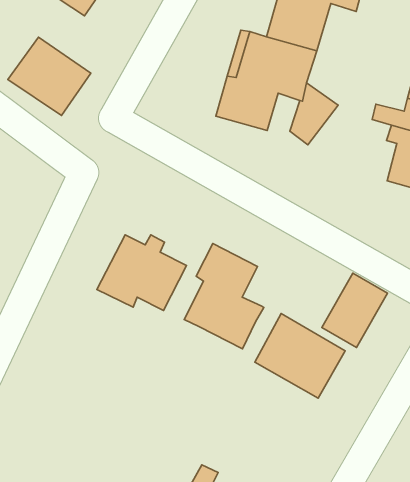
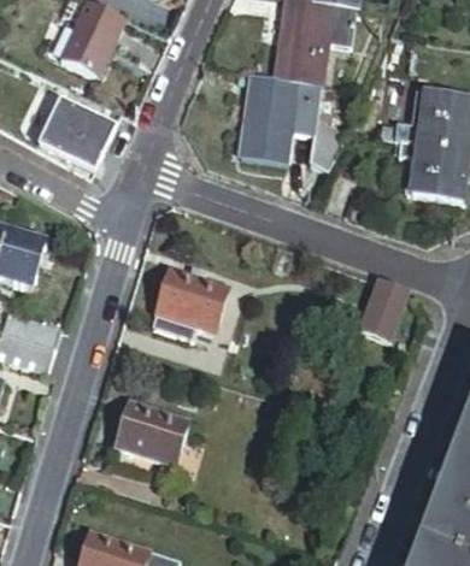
building: [184,243,264,349] -> none
building: [255,314,345,398] -> none
building: none -> [116,401,190,466]

